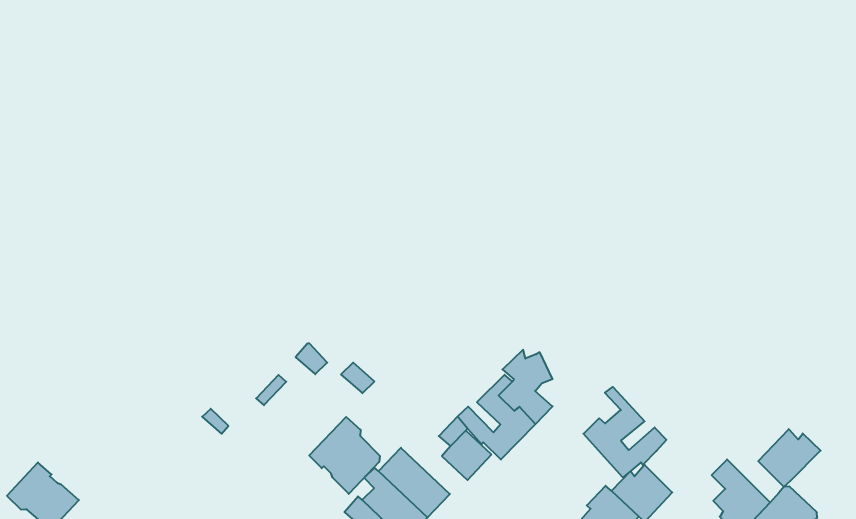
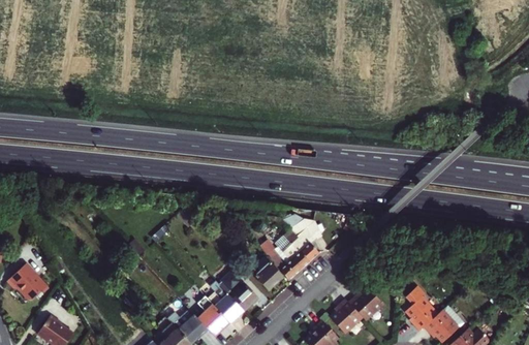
building: [583,387,666,477] -> none
building: [309,417,380,494] -> none
building: [758,429,821,487] -> none

